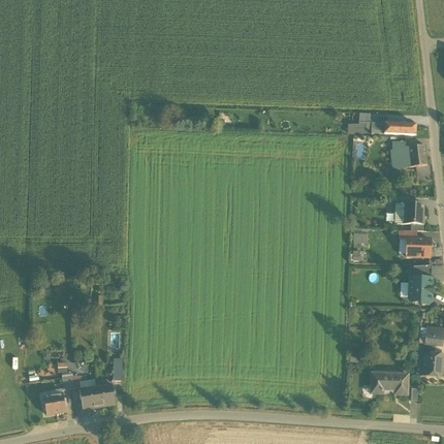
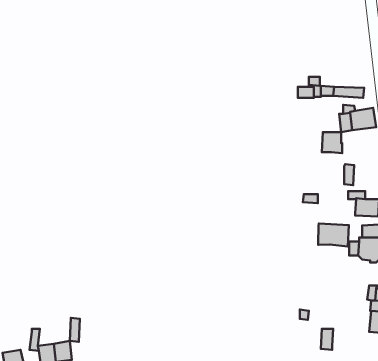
building: [404,203,424,225] -> [322,132,342,153]
building: none -> [318,223,349,246]
building: [382,372,408,394] -> none

